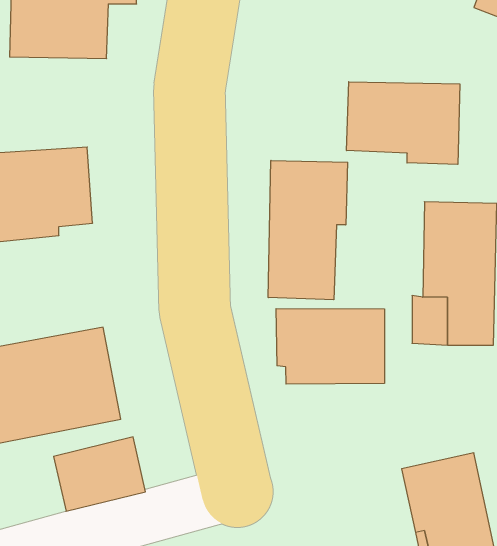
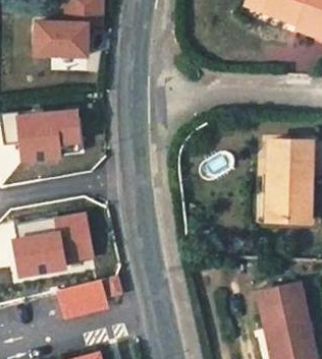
building: [347,82,460,164] -> none
building: [268,160,348,300] -> none
building: [276,309,384,384] -> none

